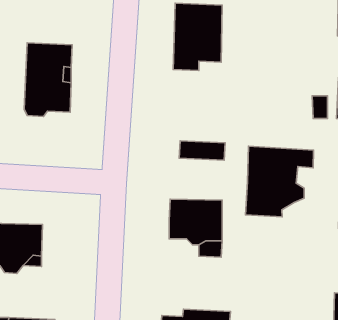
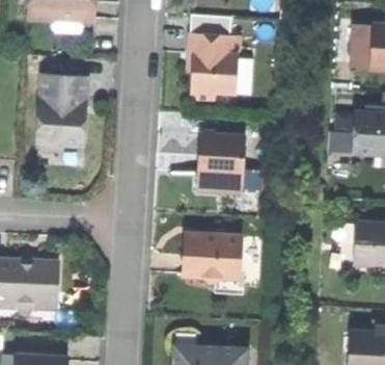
building: none -> [196,135,243,176]
building: [246,146,314,217] -> none

